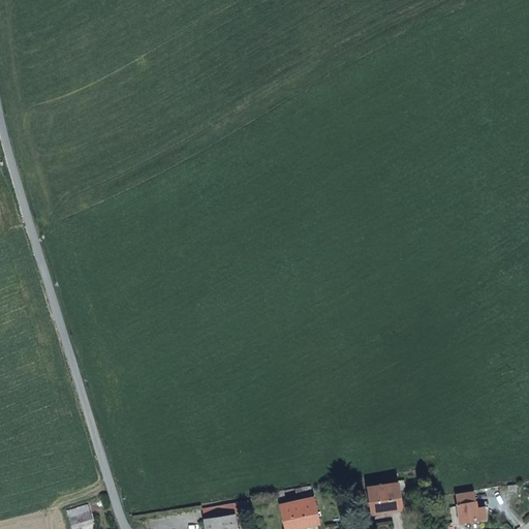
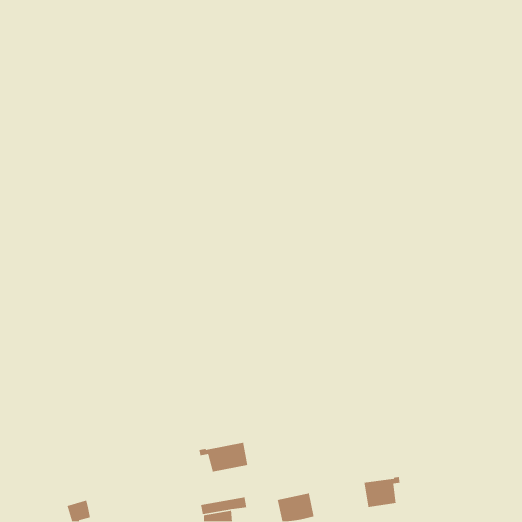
building: none -> [198,442,248,472]
building: [456,493,485,523] -> none

